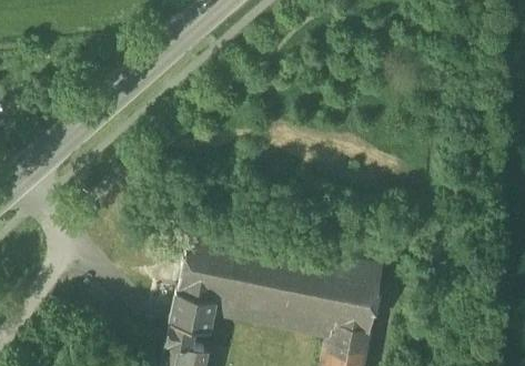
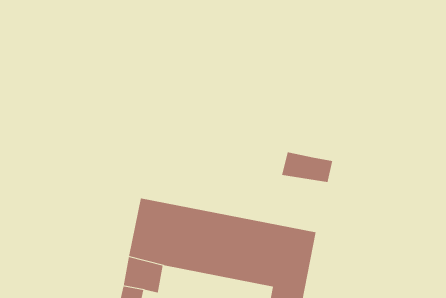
building: none -> [282,152,333,183]

